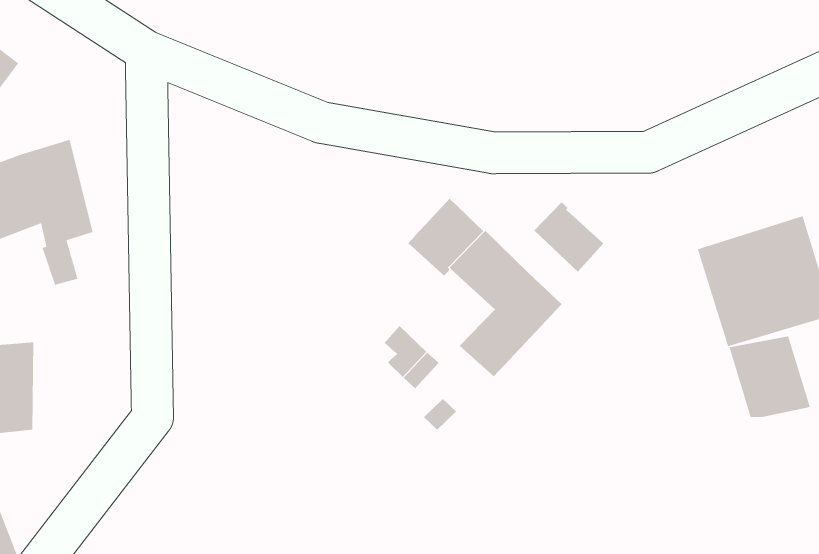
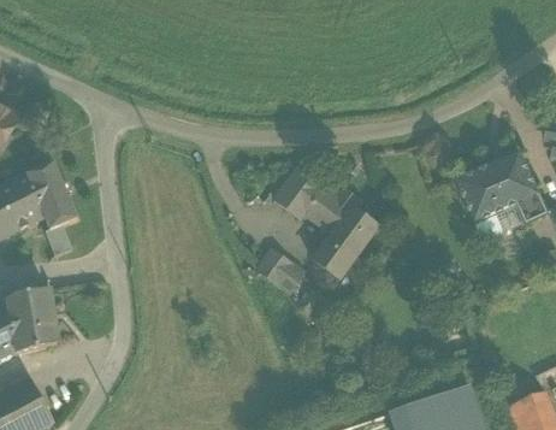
building: [533,201,604,272] -> none
building: [729,336,811,418] -> none

